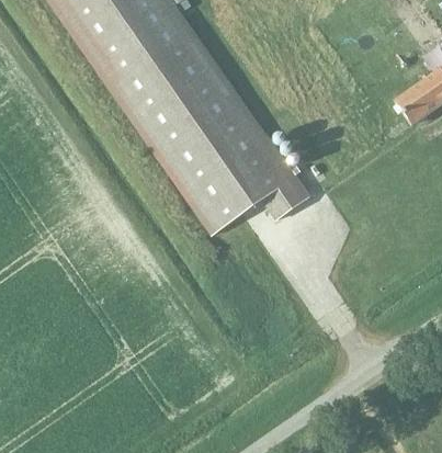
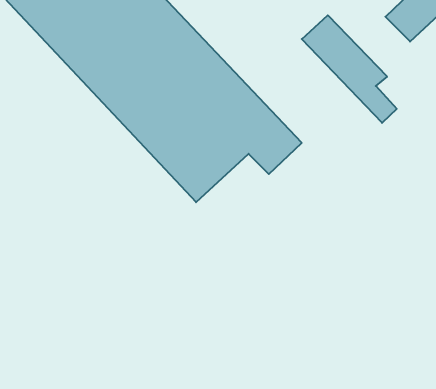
building: none -> [302,15,397,123]

